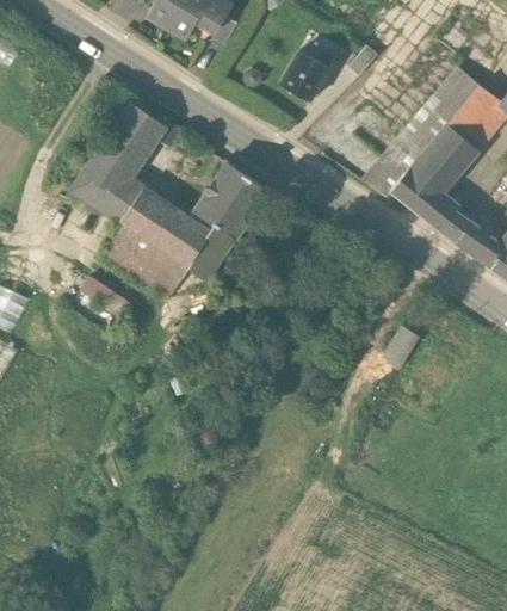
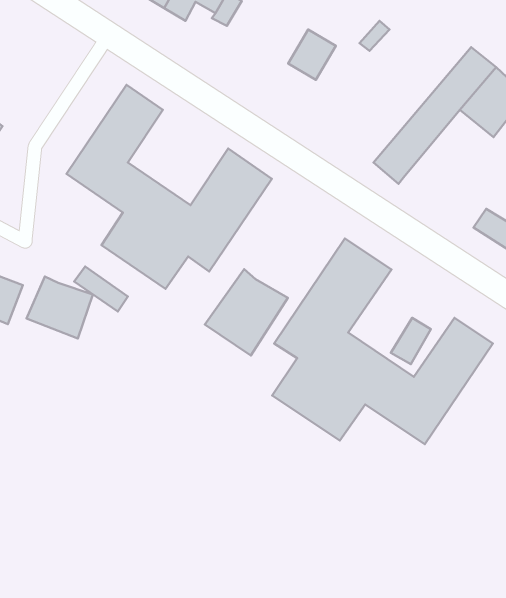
building: [392,128,478,240] -> none
building: none -> [272,238,493,444]
building: none -> [205,269,288,356]
building: none -> [26,276,93,338]

